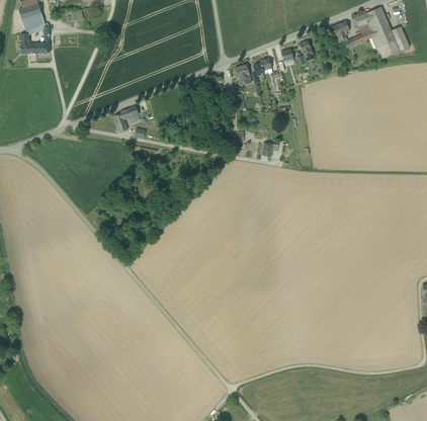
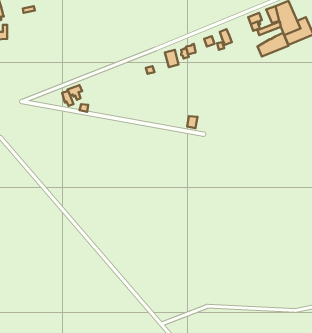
building: none -> [257,33,289,57]

